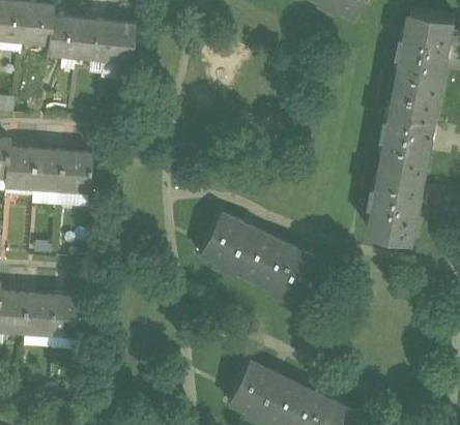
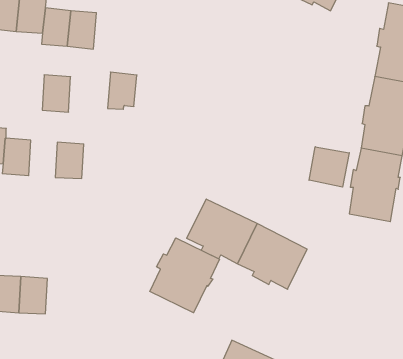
building: [100,19,132,58] -> [108,72,137,109]
building: [32,153,62,192] -> [42,75,71,112]
building: none -> [309,147,349,187]
building: none -> [150,238,220,313]
building: [50,299,81,338] -> none

